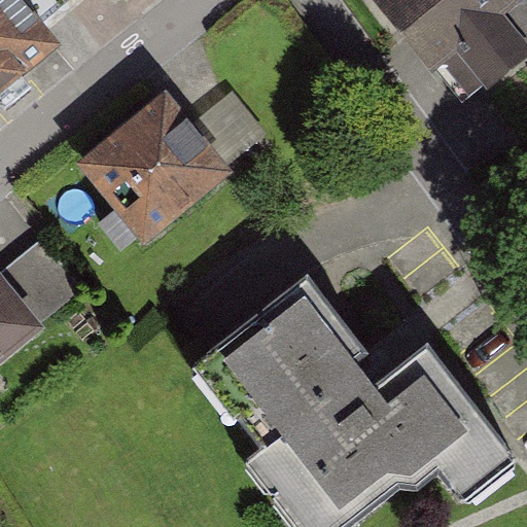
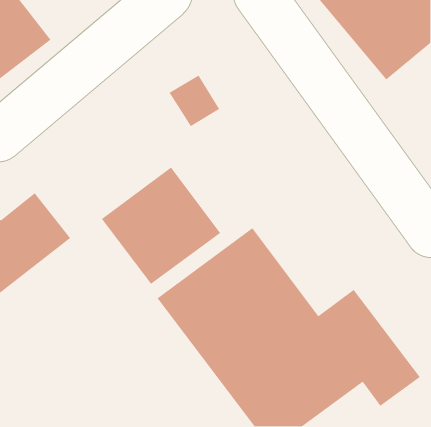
building: [79,97,225,241] -> [101,166,221,285]

